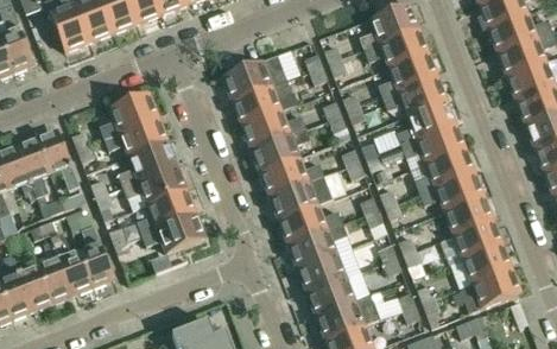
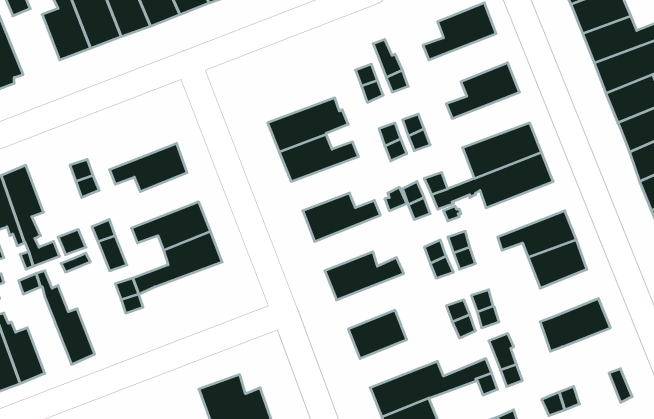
building: [363,28,428,68] -> none
building: [223,55,287,101] -> none
building: [380,76,445,123] -> none
building: [100,93,159,139] -> none
building: [252,128,310,172] -> none
building: [37,131,78,184] -> none
building: [118,141,177,186] -> none
building: [410,148,474,193] -> none
building: [271,176,334,221] -> none
building: [141,214,205,253] -> none
building: [454,220,501,259] -> none
building: [289,223,353,268] -> none
building: [78,226,114,288] -> none
building: [36,242,74,304] -> none
building: [471,267,520,307] -> none
building: [308,271,371,316] -> none

